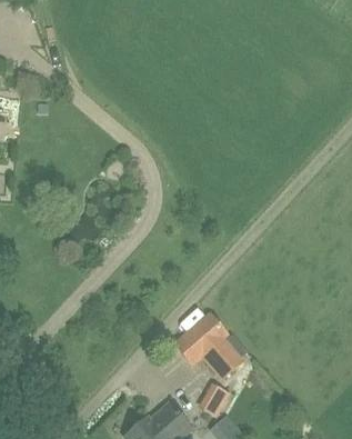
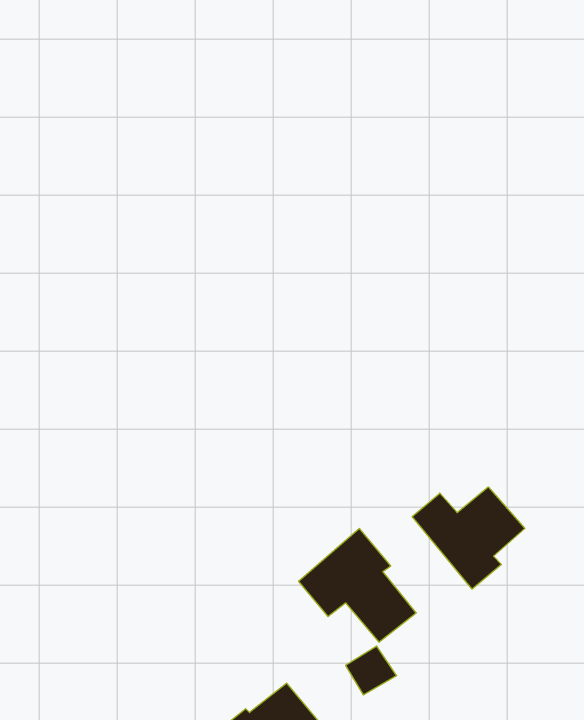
building: none -> [412,487,525,589]

